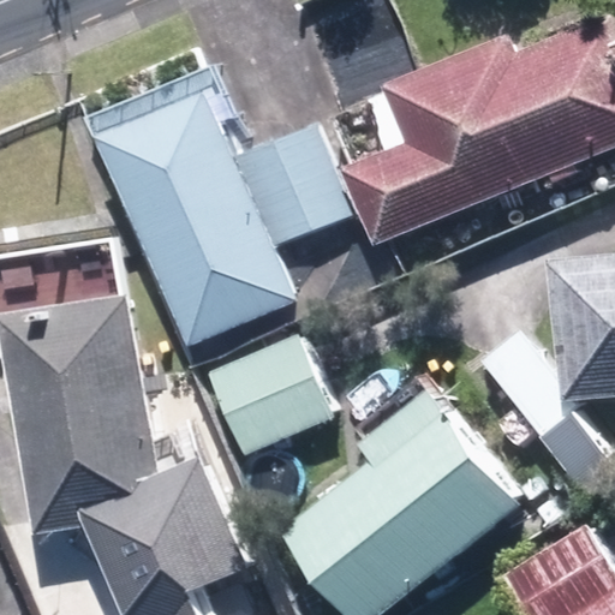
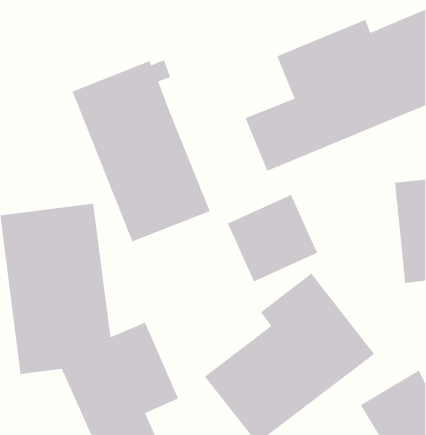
building: [235,125,351,245] -> none
building: [207,334,334,458] -> [227,194,318,282]

